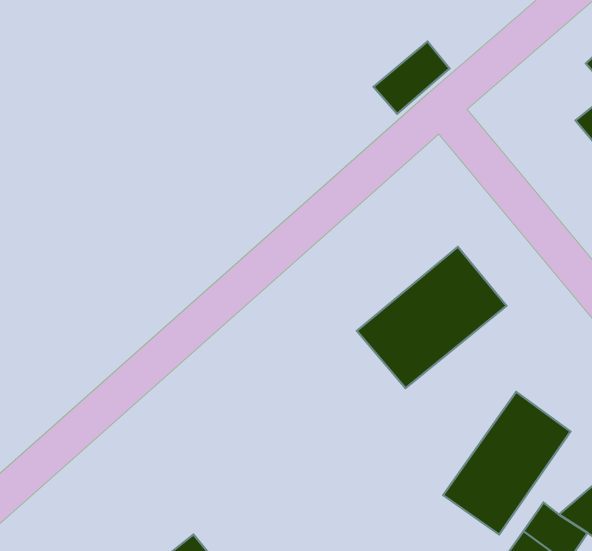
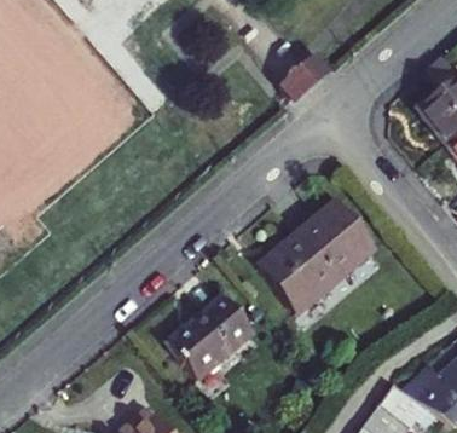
building: none -> [168,298,250,376]
building: [443,392,571,534] -> none

